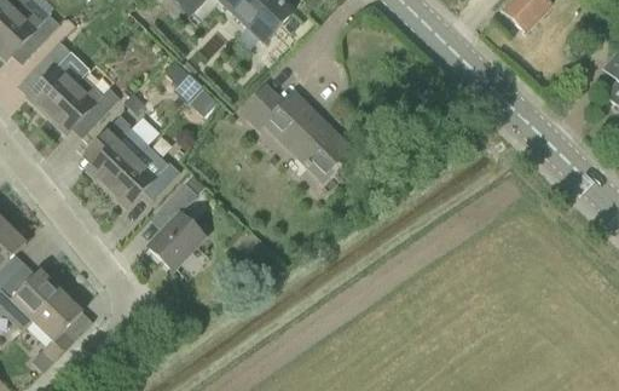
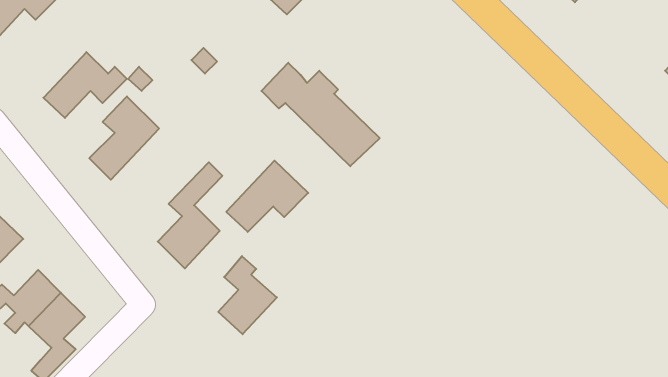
building: [27,41,85,116] -> none
building: [106,144,180,208] -> [226,161,308,232]
building: none -> [218,256,277,334]

